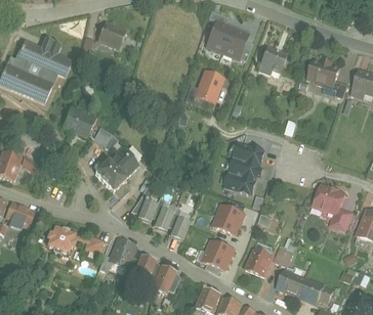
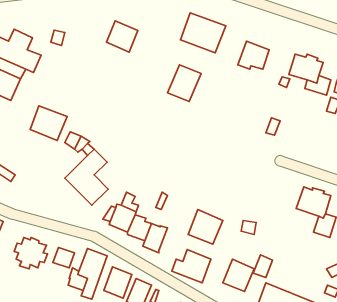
building: [97,16,127,46] -> [107,21,138,52]
building: [221,138,265,191] -> none

